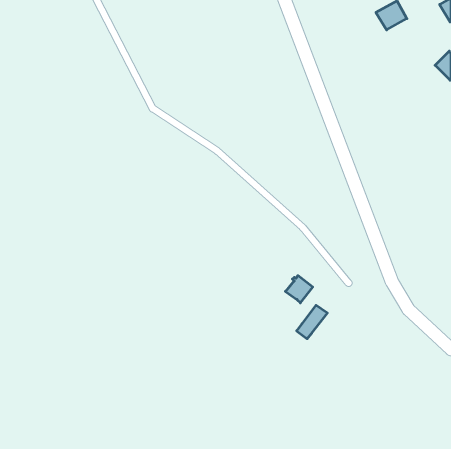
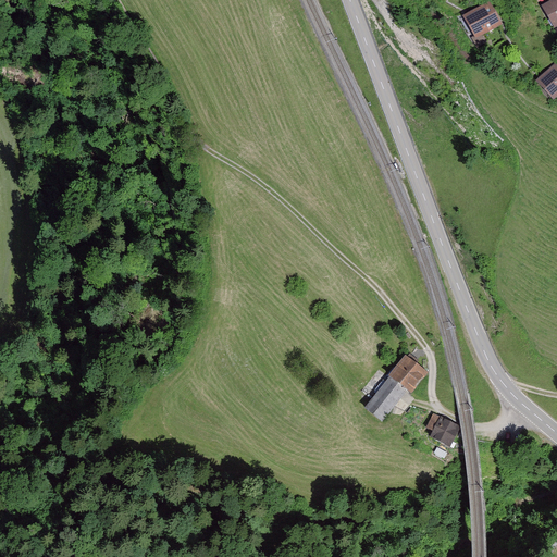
building: [285,276,313,303] -> [389,357,423,391]
building: none -> [425,412,458,445]

